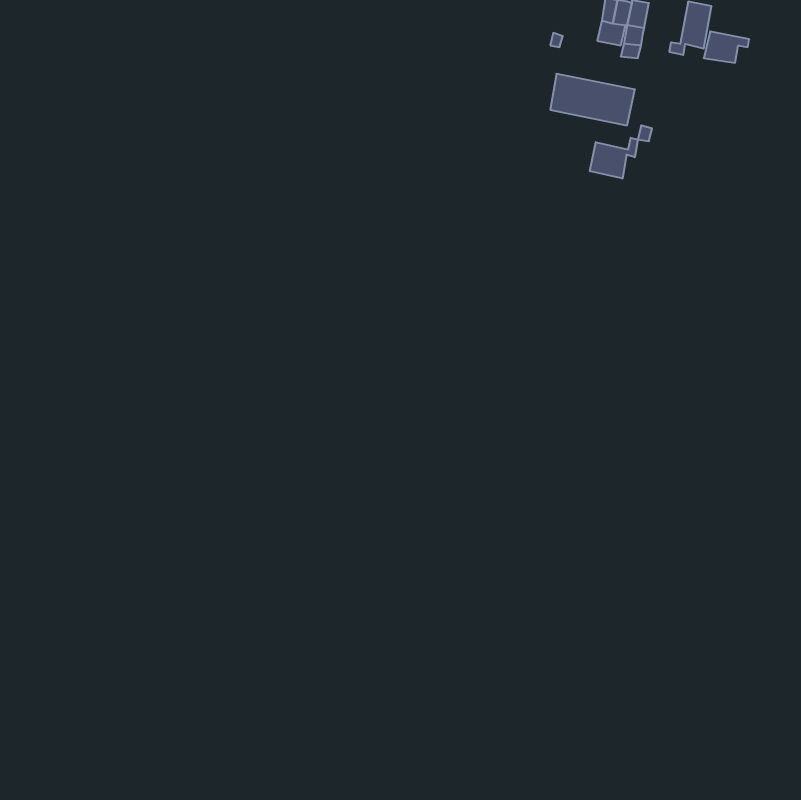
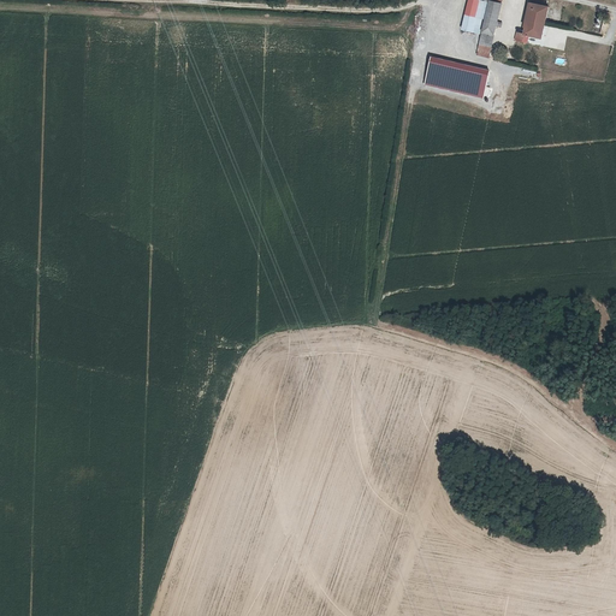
building: [590,138,638,179] -> none

